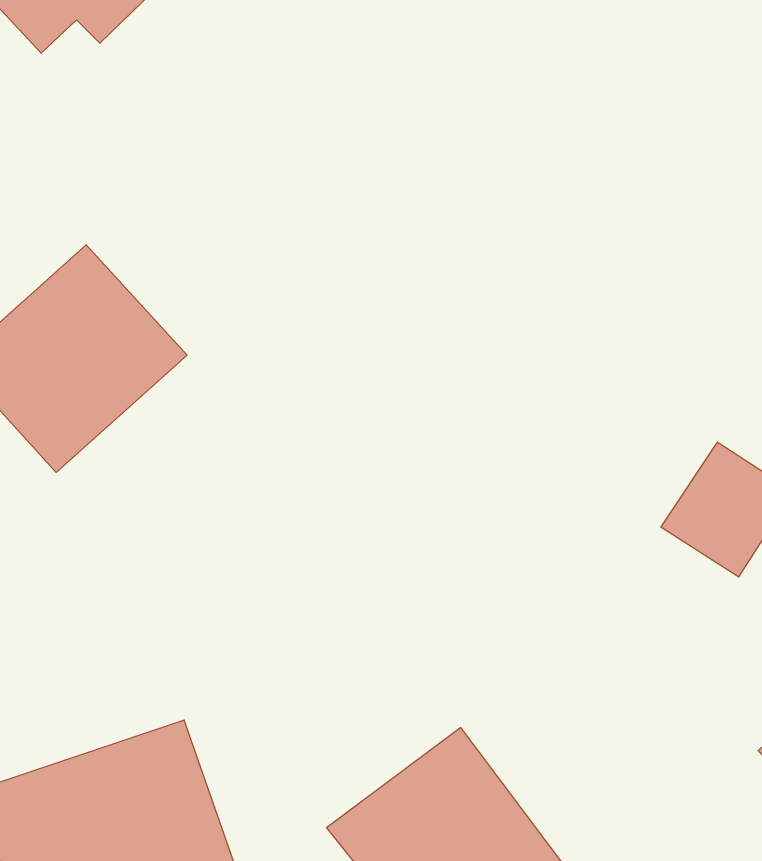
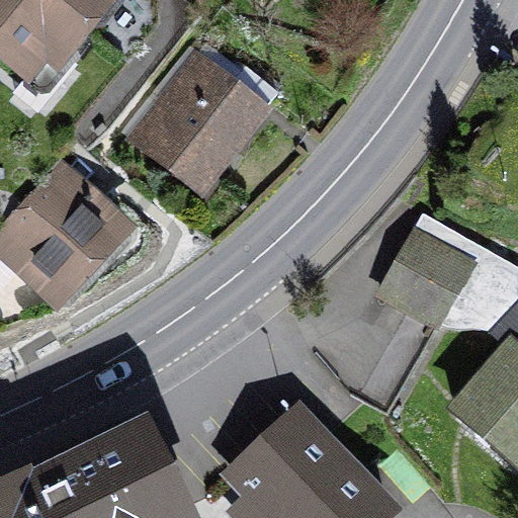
building: none -> [139,62,264,189]

